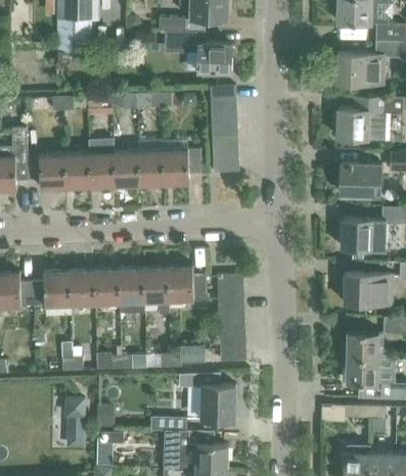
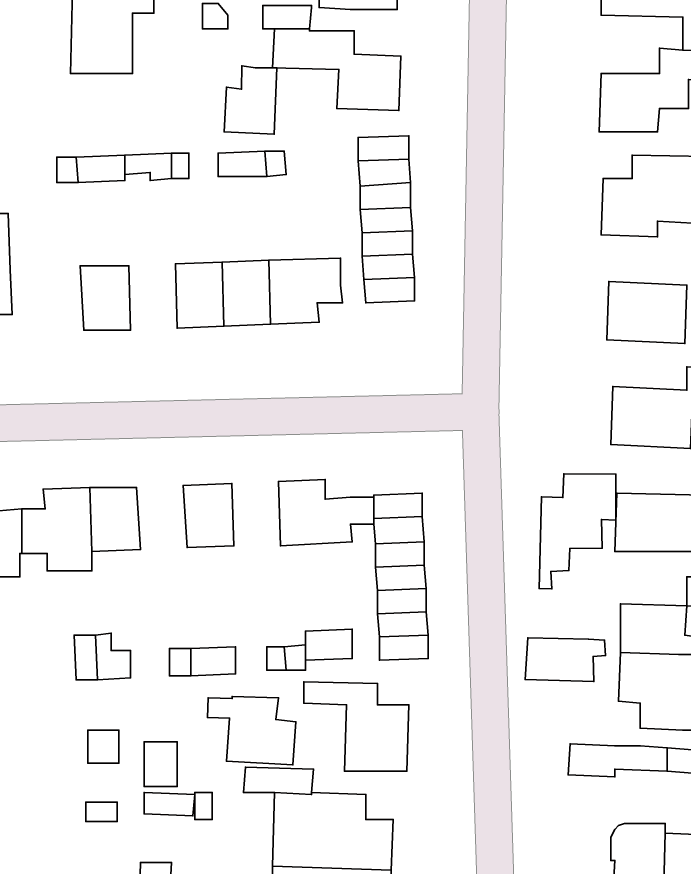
building: none -> [224,66,277,134]
building: [87,139,114,188] -> none
building: [26,154,64,189] -> none
building: none -> [539,474,616,589]
building: [142,268,168,313] -> none
building: [92,270,119,303] -> none
building: none -> [525,638,605,682]
building: none -> [208,697,296,765]

